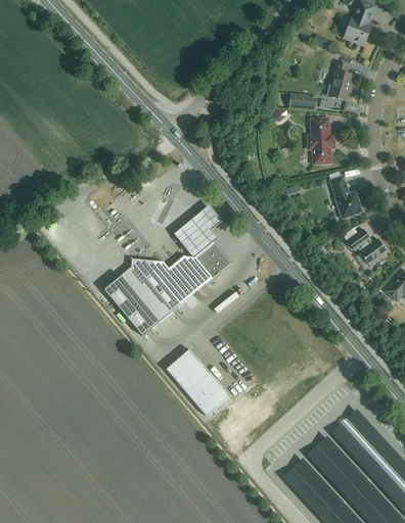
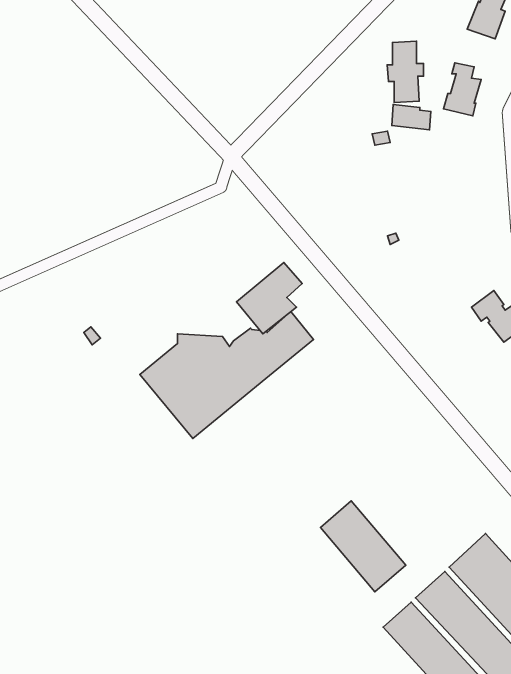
building: [306,118,332,163] -> [387,41,423,103]
building: [329,177,361,219] -> none
building: [166,349,228,416] -> [320,501,406,592]

